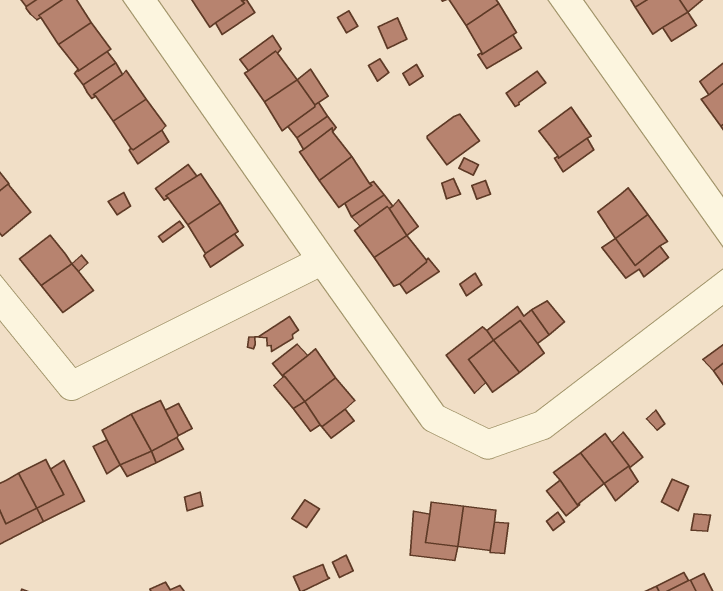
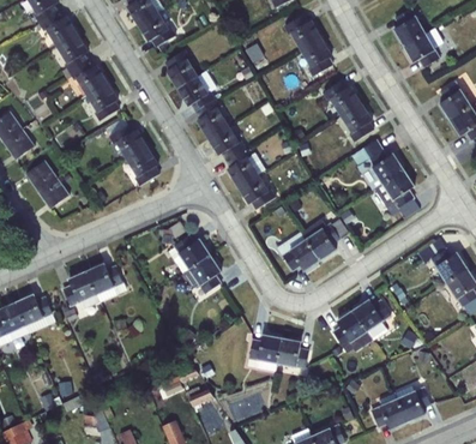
building: [427,114,480,165] -> [330,86,361,116]
building: none -> [351,139,387,190]

